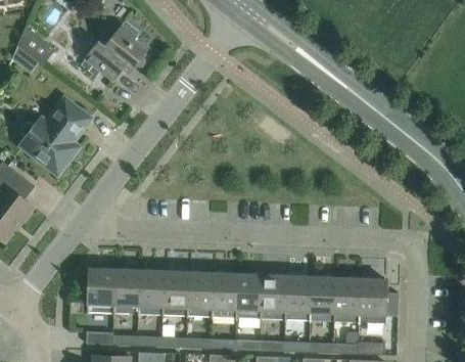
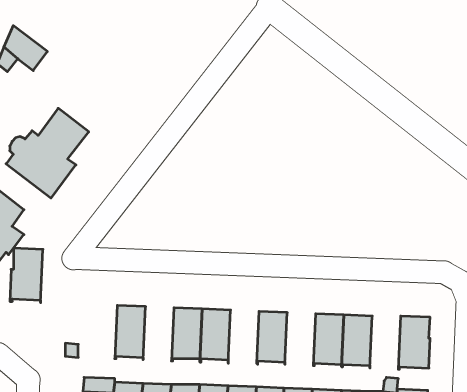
building: [85,20,148,81] -> none
building: [87,268,115,315] -> [10,248,43,303]
building: [138,270,165,317] -> none
building: [212,273,238,319] -> none
building: [261,275,287,321] -> none
building: [334,278,361,324] -> none

